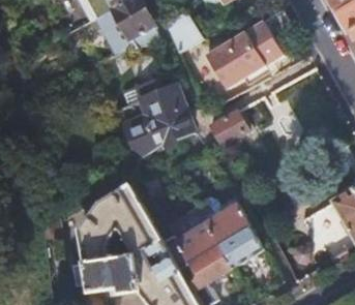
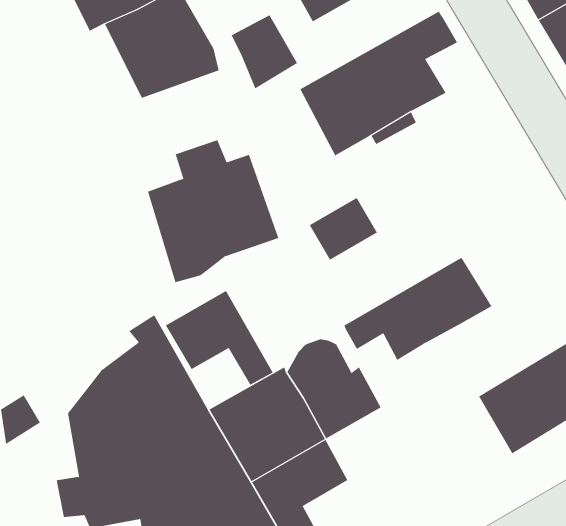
building: none -> [343,257,492,361]
building: none -> [165,290,274,386]
building: [218,227,262,268] -> none

